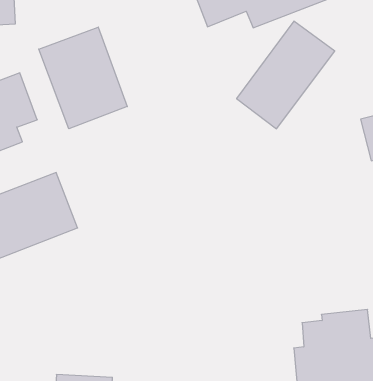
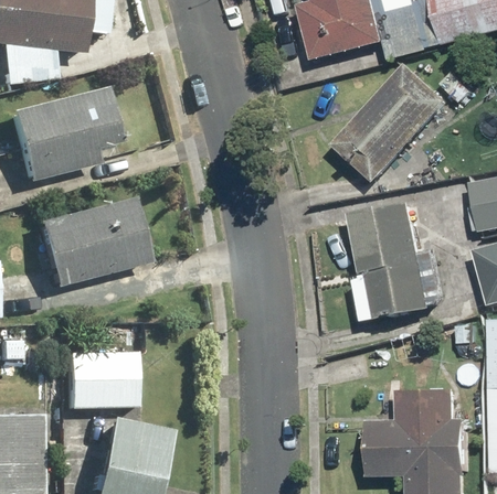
building: [39,27,127,129] -> none
building: none -> [348,198,431,320]
building: none -> [65,354,130,407]

